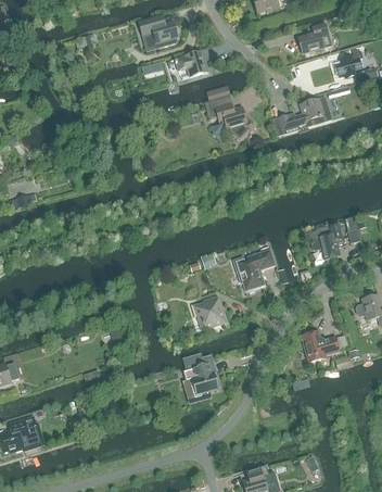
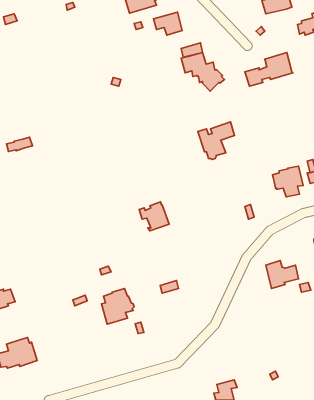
building: [233,249,275,291] -> [198,122,234,159]
building: [191,295,225,328] -> [139,202,169,231]
building: [182,363,219,403] -> [102,288,134,324]

